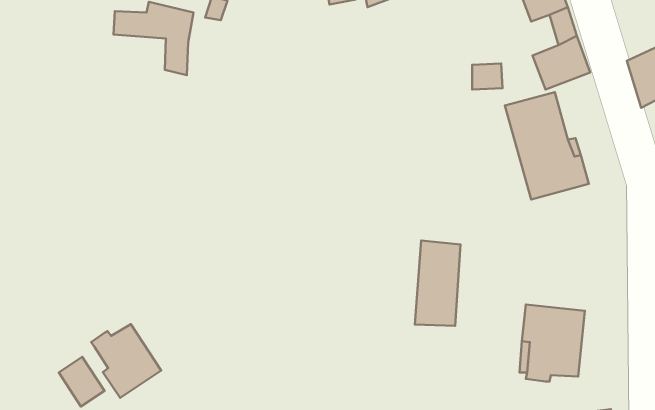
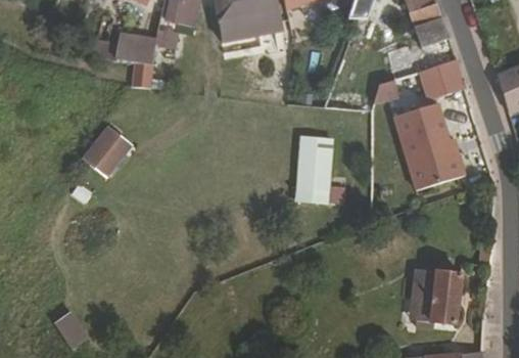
building: none -> [77,119,126,170]
building: [415,241,461,326] -> [297,139,333,206]
building: [91,324,161,398] -> none

